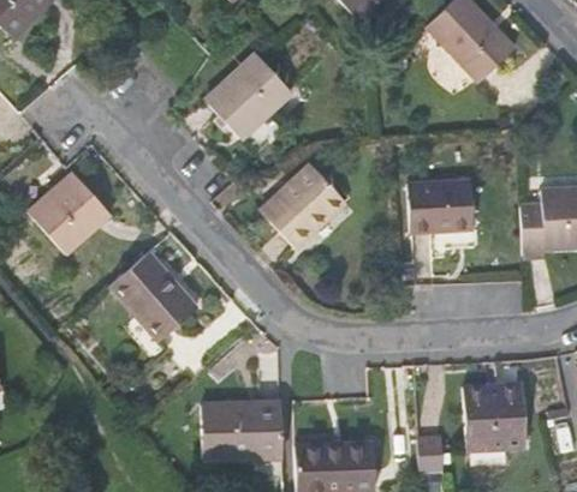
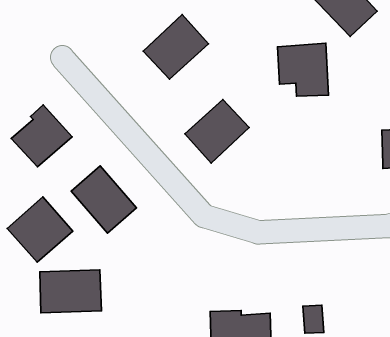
building: [406,179,474,248] -> [278,43,328,96]
building: none -> [7,197,73,262]
building: [462,384,525,449] -> none
building: [201,402,282,458] -> [40,270,102,313]

